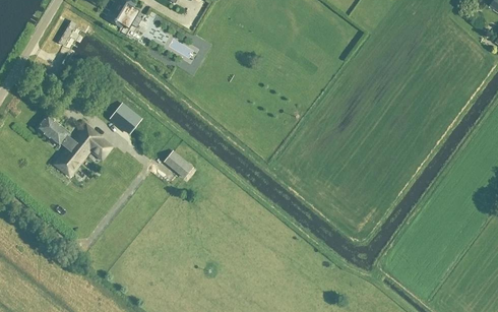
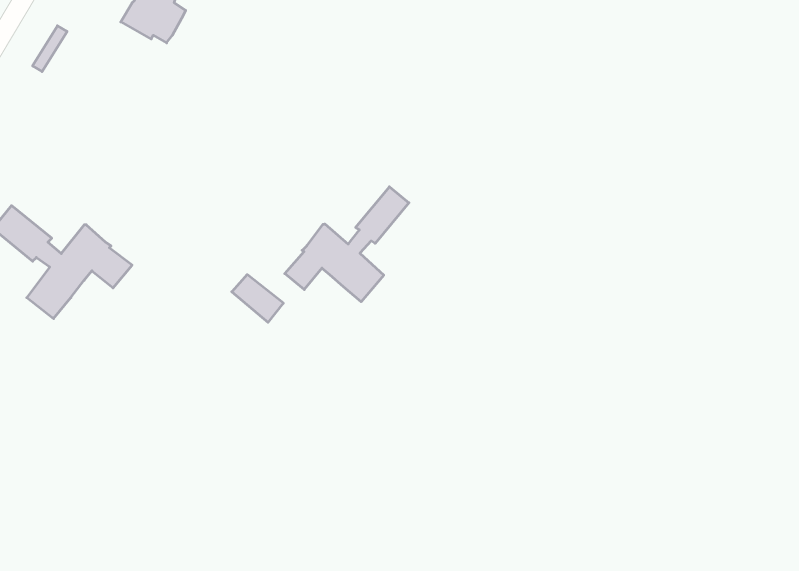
building: [109,104,140,135] -> none
building: none -> [285,187,409,302]

